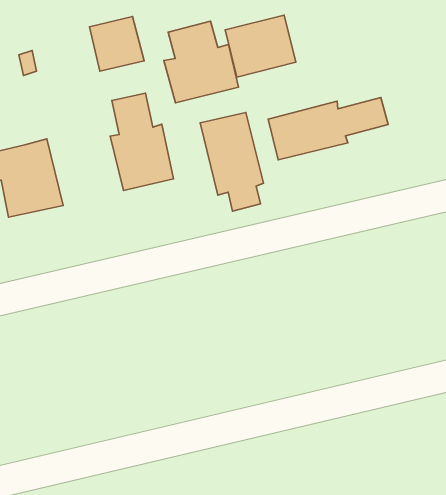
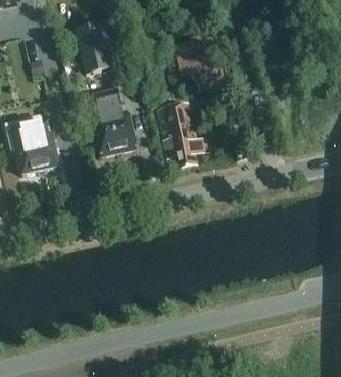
building: [164,21,238,103] -> none
building: [268,98,388,160] -> none

